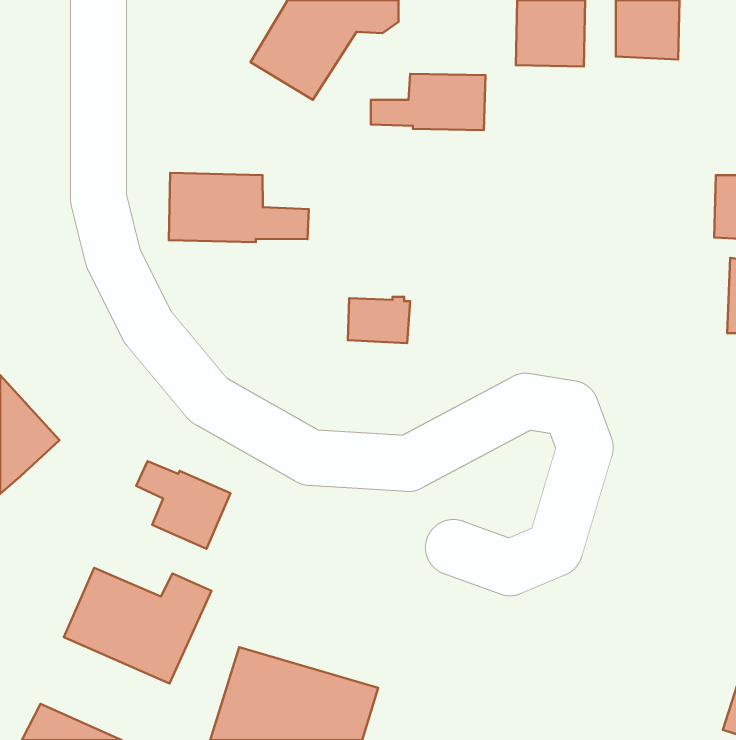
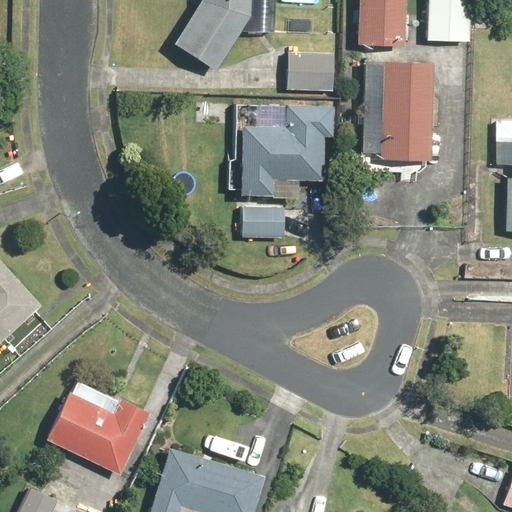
building: none -> [362,60,433,176]
building: none -> [239,108,335,196]
building: [169,173,309,242] -> none
building: [136,461,231,549] -> none

